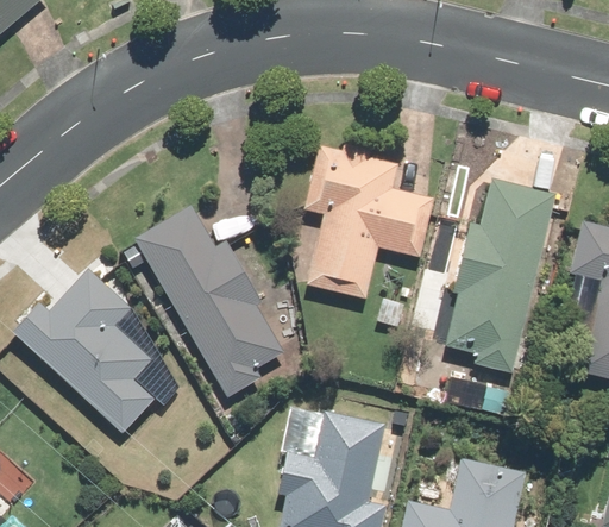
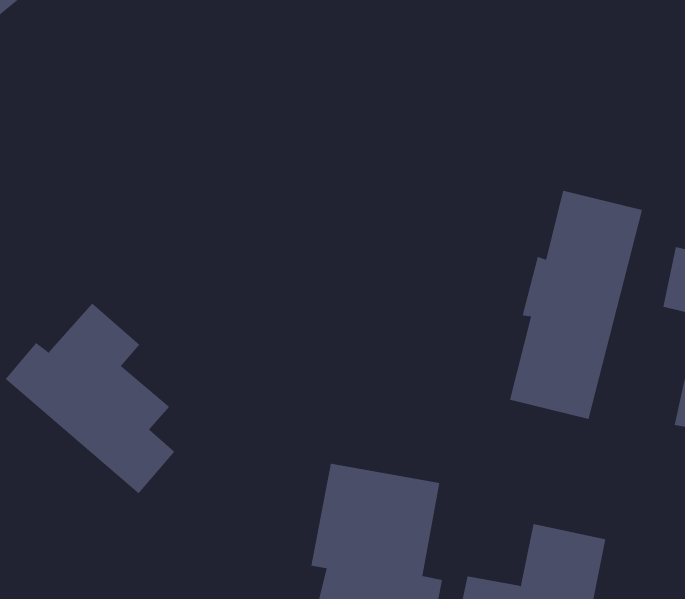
building: [307,145,433,294] -> none
building: [121,206,280,401] -> none

